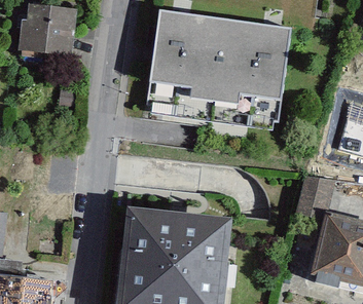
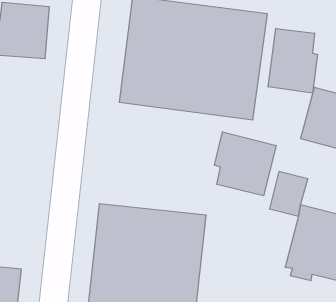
building: none -> [268,28,317,93]
building: none -> [214,132,276,196]

